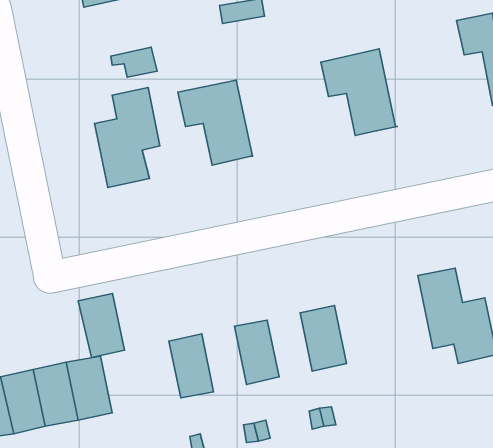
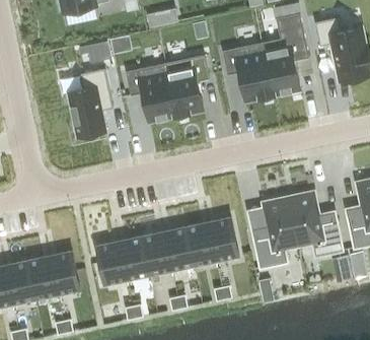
building: none -> [262,13,306,94]
building: none -> [164,54,209,116]
building: none -> [251,196,298,267]
building: [78,293,124,358] -> [95,241,127,284]
building: none -> [186,221,216,265]
building: none -> [141,230,171,275]

